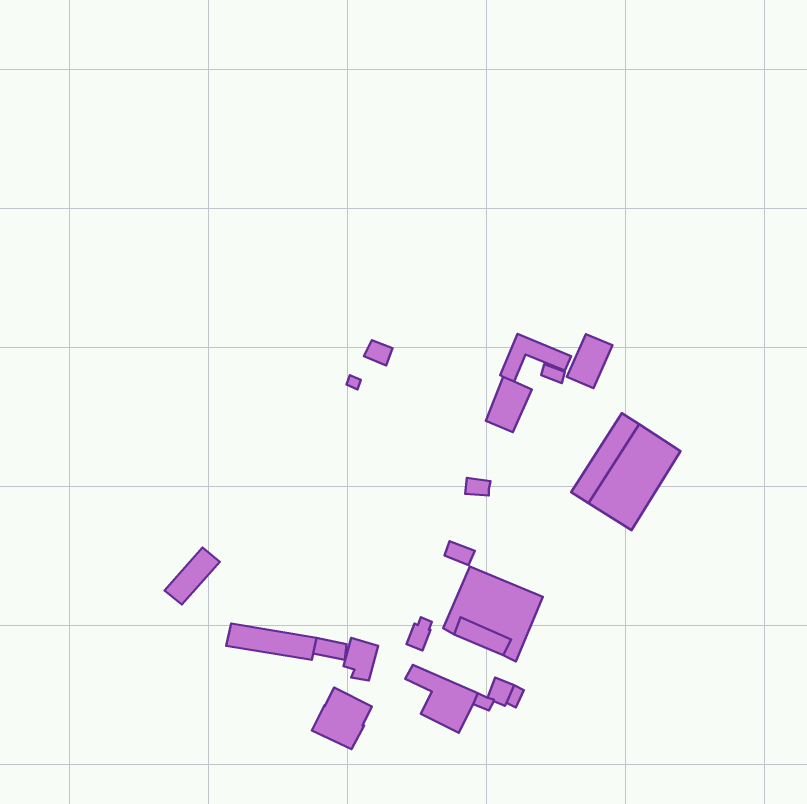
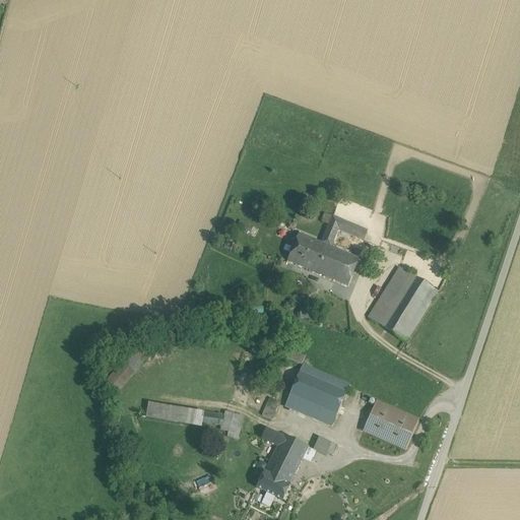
building: [567,334,613,388] -> [329,250,359,284]
building: none -> [286,232,323,270]
building: none -> [362,399,417,448]
building: [312,688,372,749] -> [256,458,295,498]

